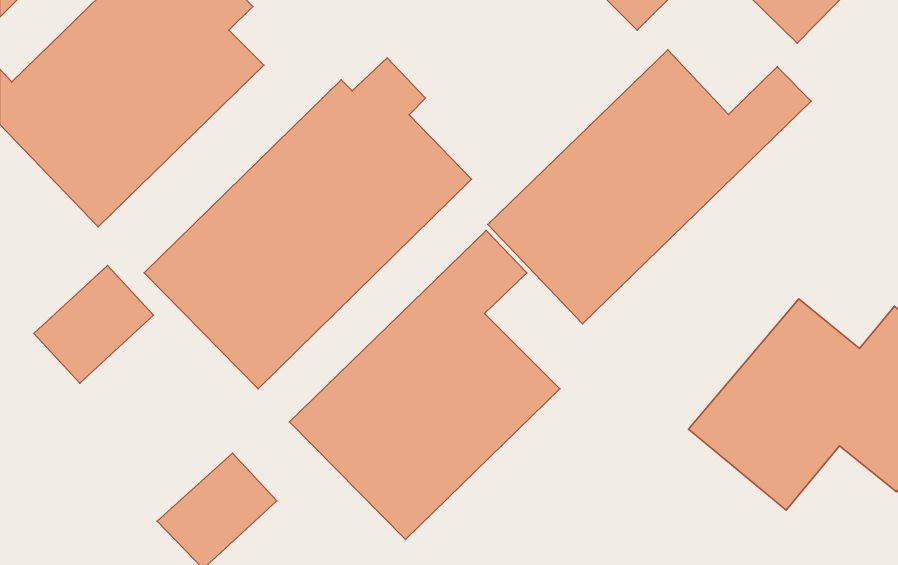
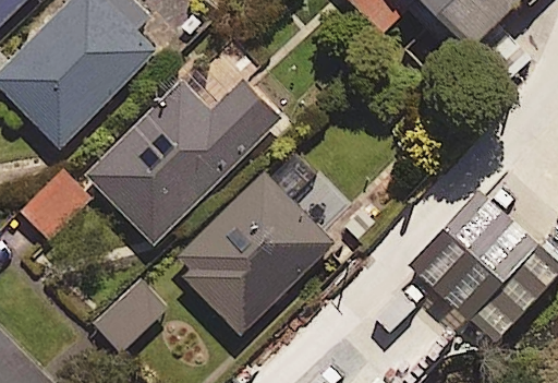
building: [488,50,811,324] -> none

